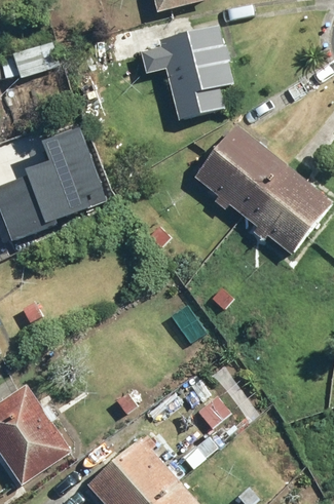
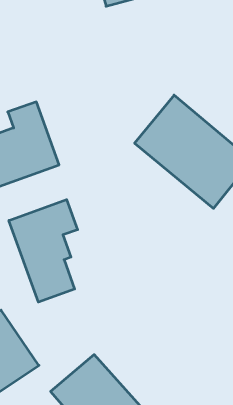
building: [139,24,232,122] -> none
building: none -> [9,200,78,302]

